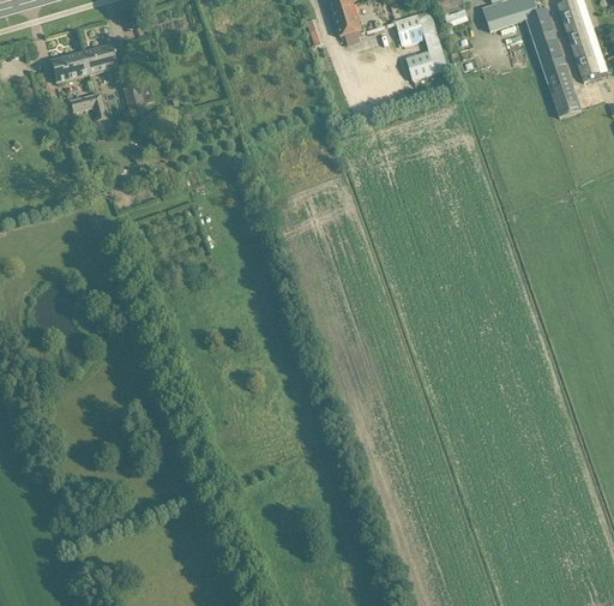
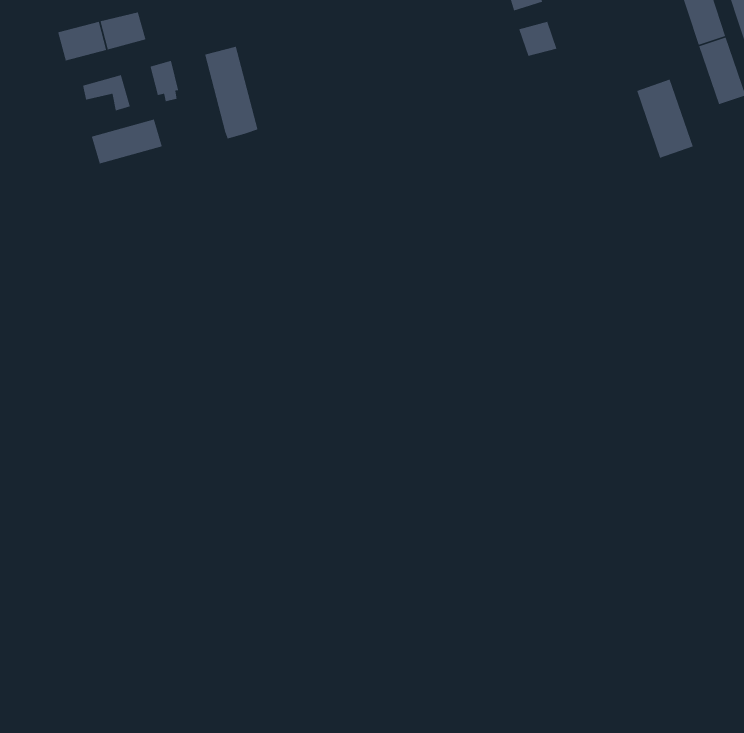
building: none -> [204,46,259,140]
building: none -> [636,78,694,159]
building: none -> [91,118,163,165]

